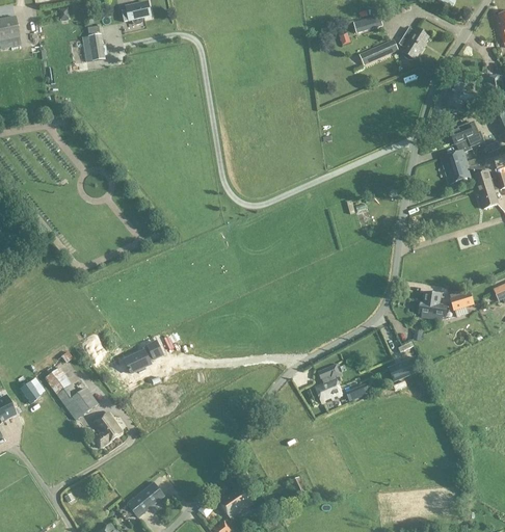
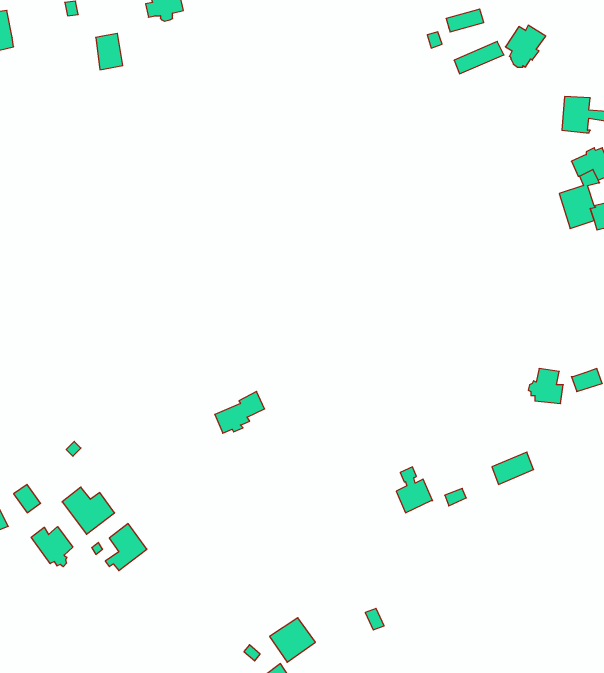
building: [125,340,163,372] -> [215,391,265,433]
building: none -> [31,527,73,567]
building: [128,481,164,515] -> none

